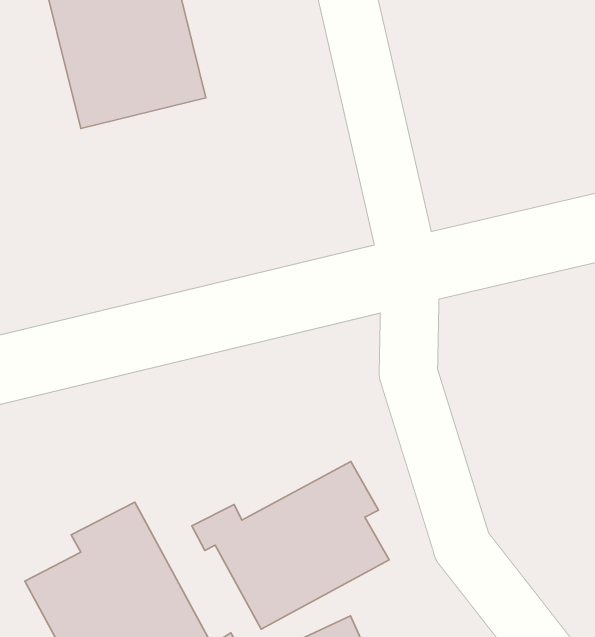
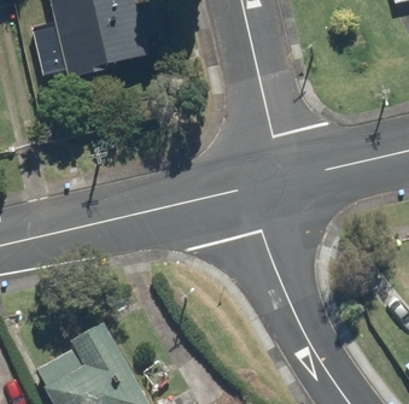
building: [192,461,389,629] -> none

